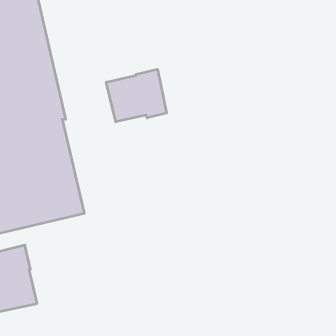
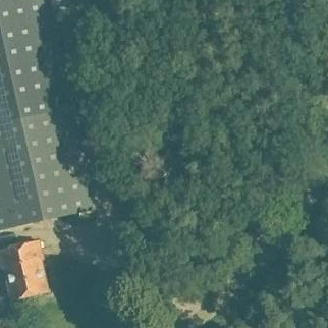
building: [106,69,167,122] -> none

